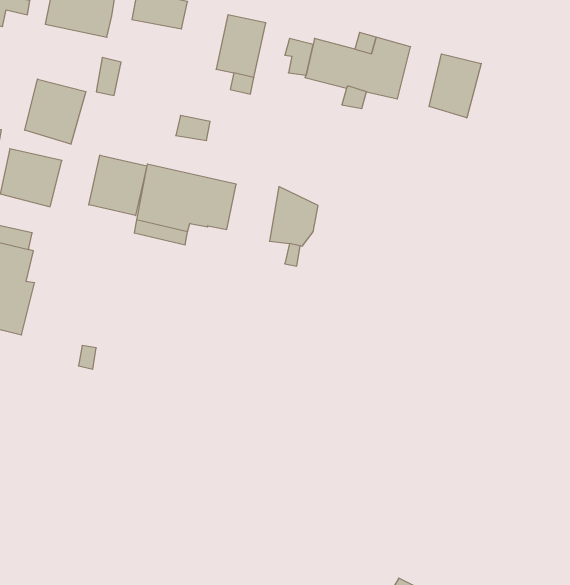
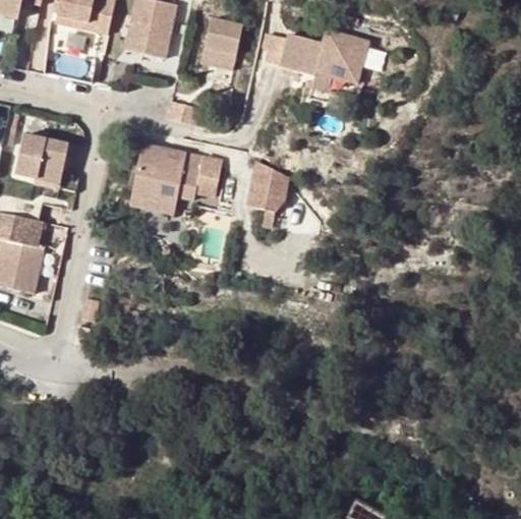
building: none -> [122,19,171,56]
building: [429,54,481,118] -> none
building: [25,79,86,144] -> none
building: [89,155,147,216] -> none

